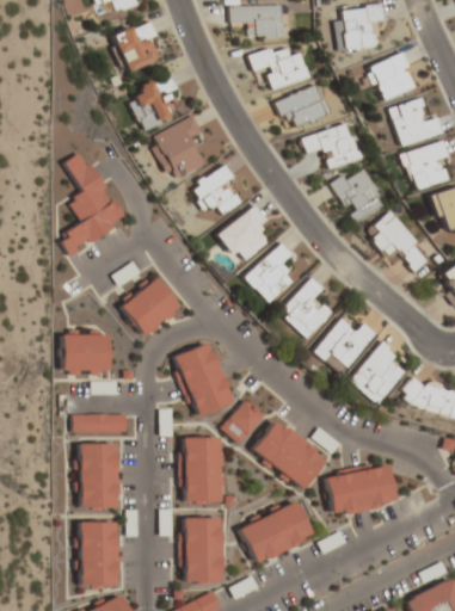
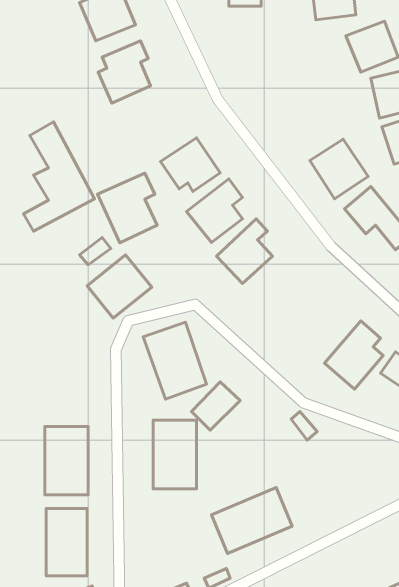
building: [250,44,312,90] -> none
building: [276,82,333,128] -> none
building: [150,116,208,183] -> [97,173,157,243]
building: [303,122,364,169] -> none
building: [278,278,332,340] -> none
building: [312,319,376,376] -> none
building: [62,333,110,376] -> none
building: [74,415,127,432] -> none
building: [251,418,328,490] -> none
building: [325,463,396,514] -> none
building: [183,517,225,581] -> none

